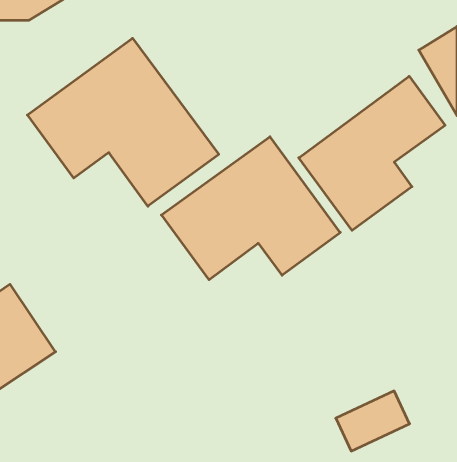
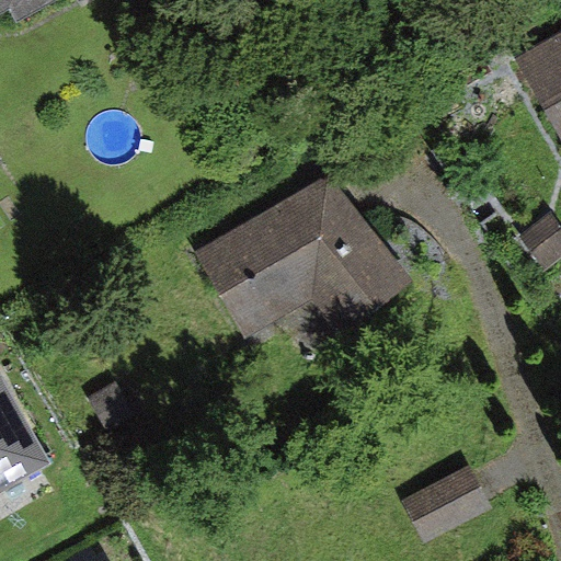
building: [27,38,219,206] -> none
building: [299,76,445,230] -> none

